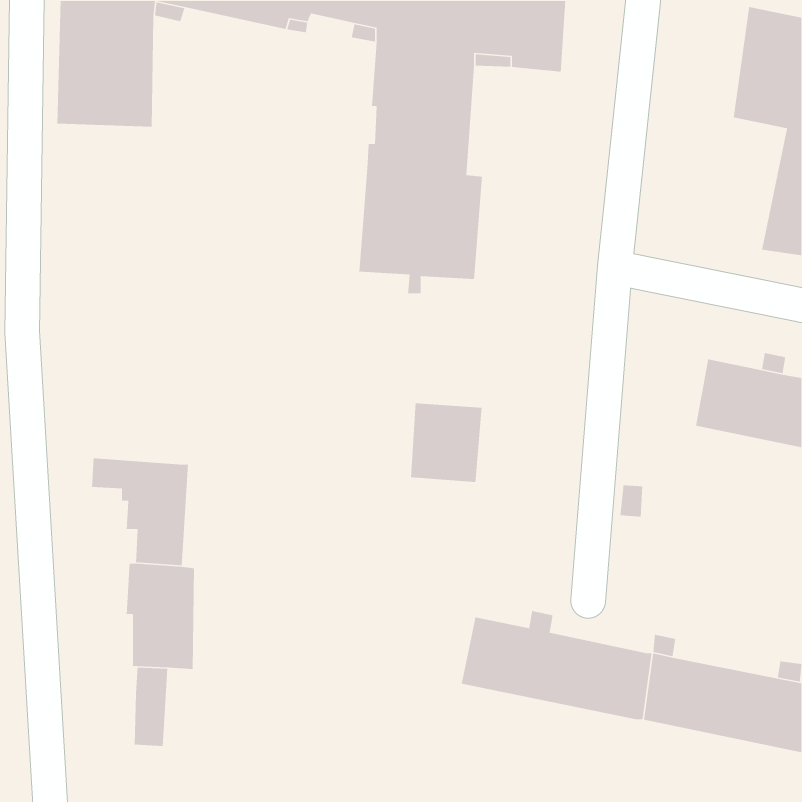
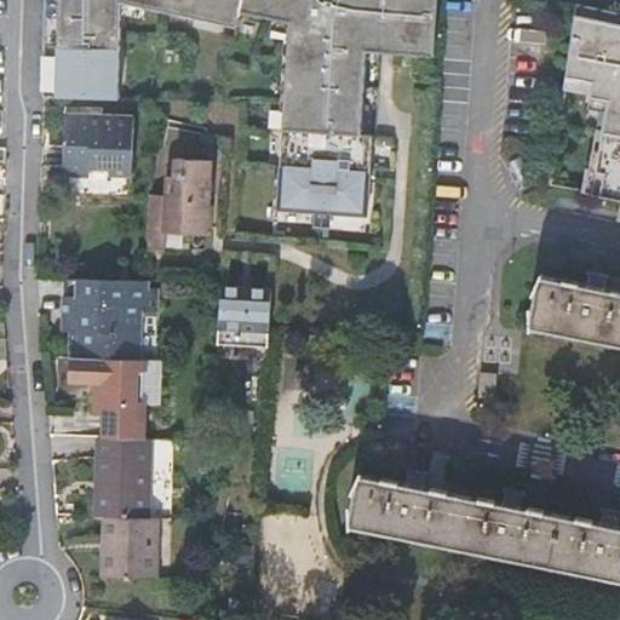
building: none -> [63,111,133,172]
building: none -> [147,159,211,251]
building: none -> [61,275,162,358]
building: [410,402,482,483] -> [218,286,274,348]
building: none -> [126,516,159,578]

